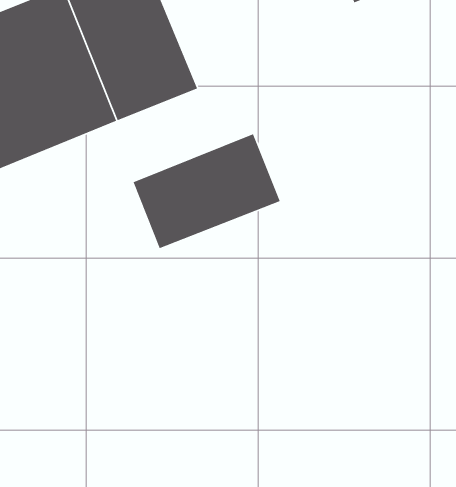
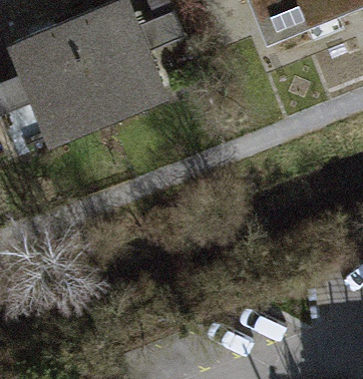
building: [132,133,281,249] -> none

